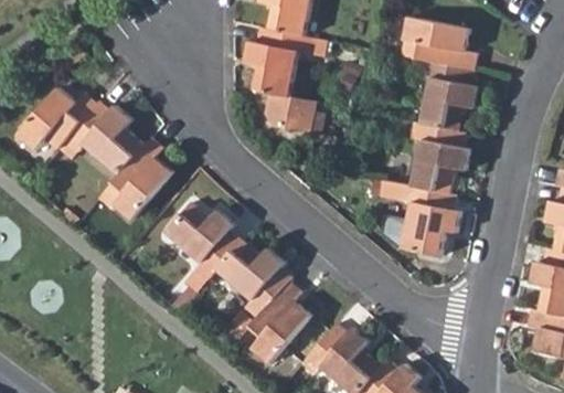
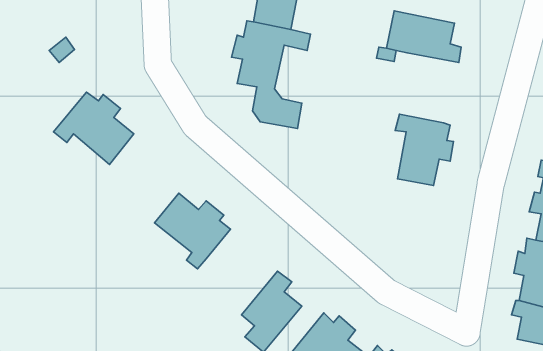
building: [409,61,477,131] -> none
building: [20,87,96,150] -> none
building: [103,136,174,219] -> none
building: [401,185,457,256] -> none
building: [219,238,294,317] -> none

